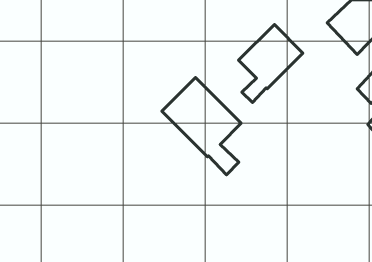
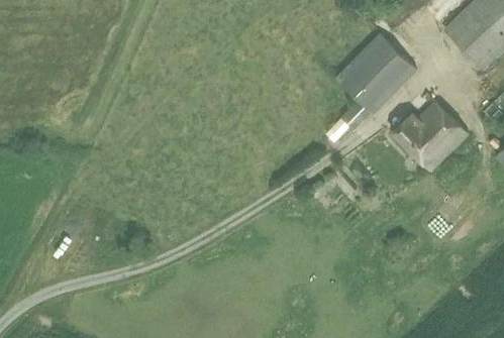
building: [162,77,241,175] -> none
building: none -> [394,101,469,168]

